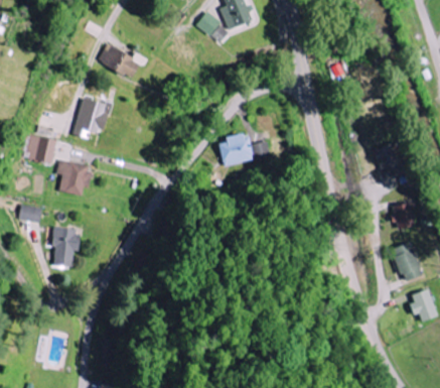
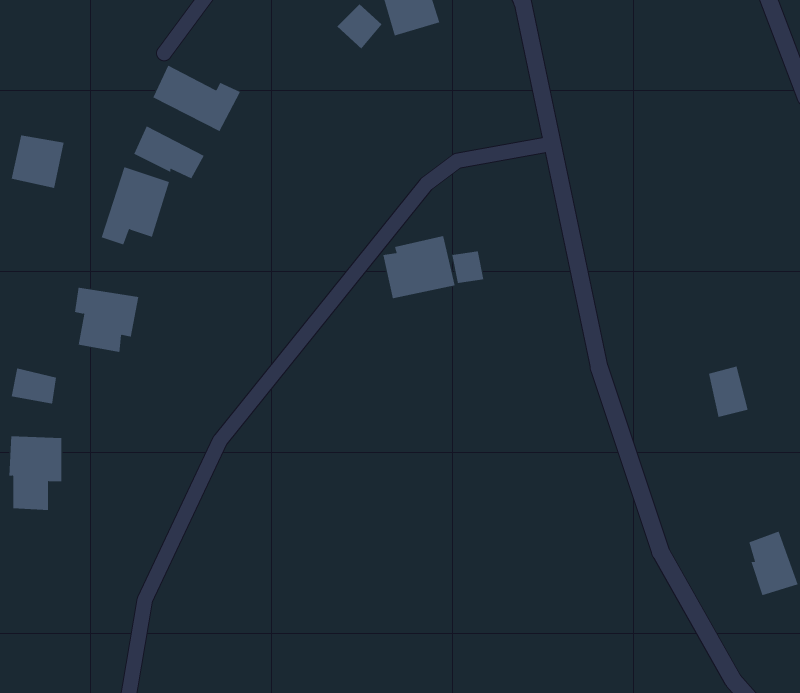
building: none -> [133,125,205,179]
building: [29,135,57,163] -> [11,135,65,188]
building: [57,226,86,265] -> [9,436,62,511]
building: [392,241,423,281] -> none

